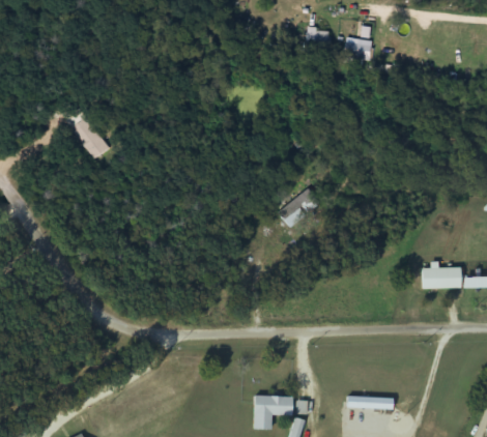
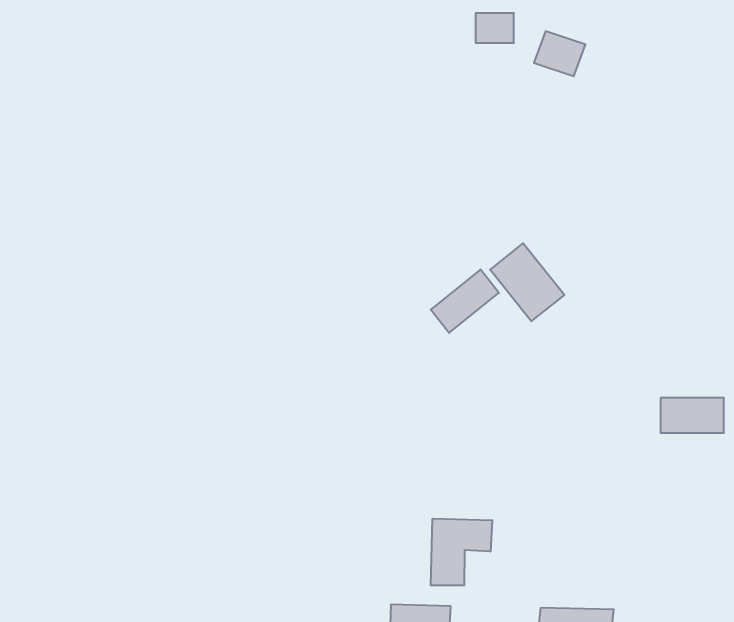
building: [61,100,108,156] -> none
building: none -> [490,243,564,321]
building: none -> [431,519,492,585]

